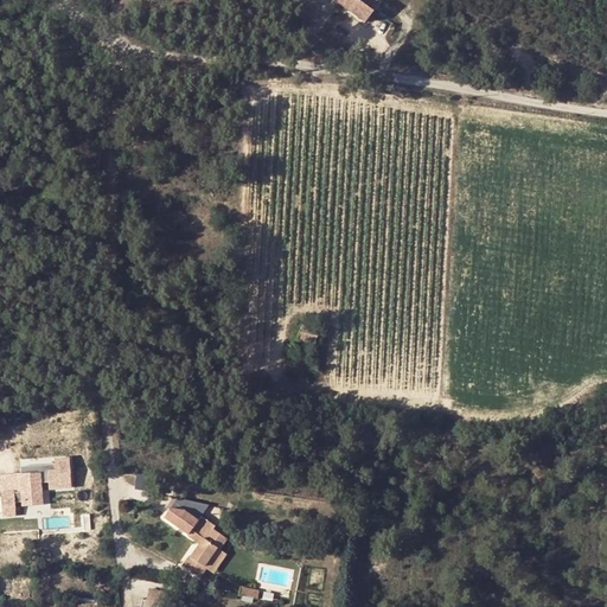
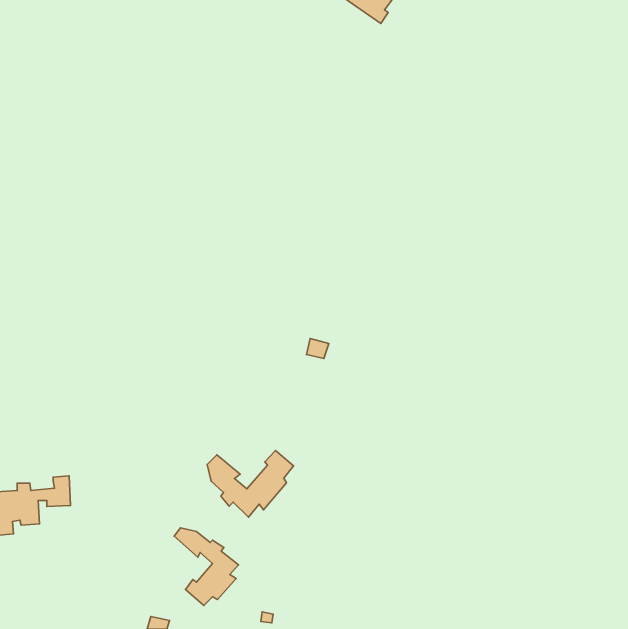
building: none -> [207,450,293,517]

